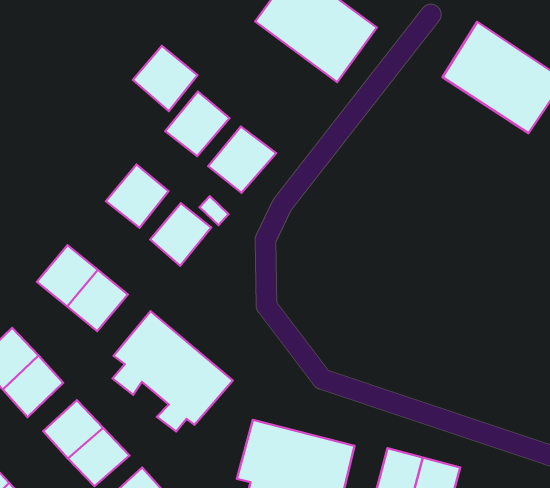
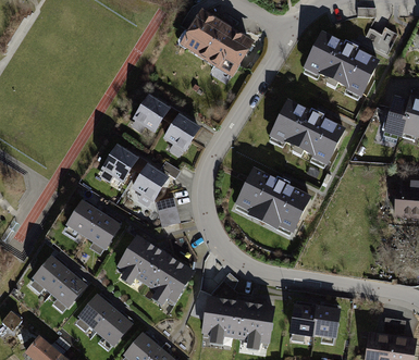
building: [133,46,198,111] -> none
building: none -> [267,99,343,164]
building: none -> [232,166,308,232]

